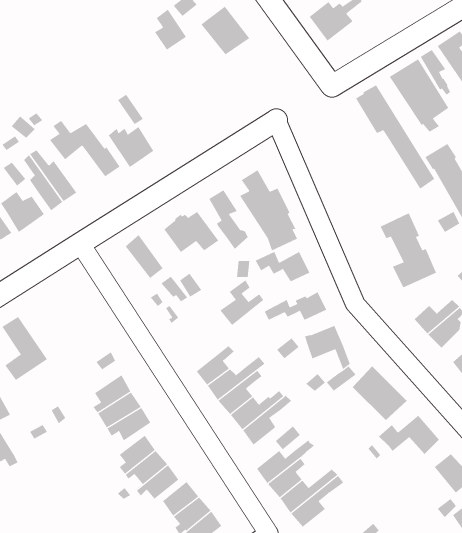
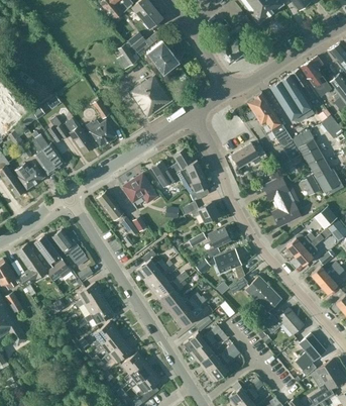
building: none -> [128,76,171,118]
building: none -> [231,141,267,168]
building: [219,280,264,326] -> [135,250,164,281]
building: none -> [51,230,85,264]
building: none -> [34,236,71,281]

